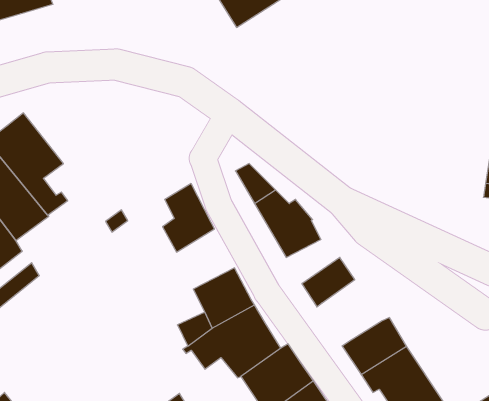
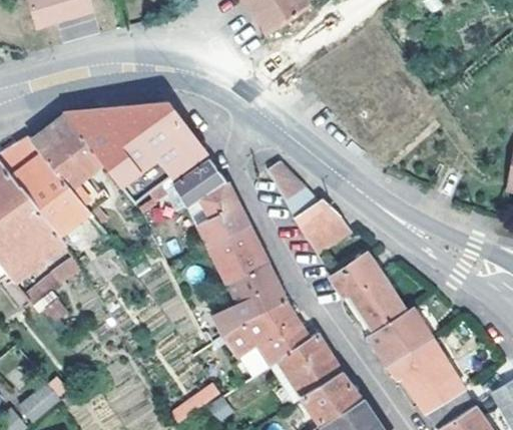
building: none -> [64,101,203,201]
building: none -> [172,158,224,206]
building: none -> [210,225,266,284]
building: none -> [349,273,406,332]

